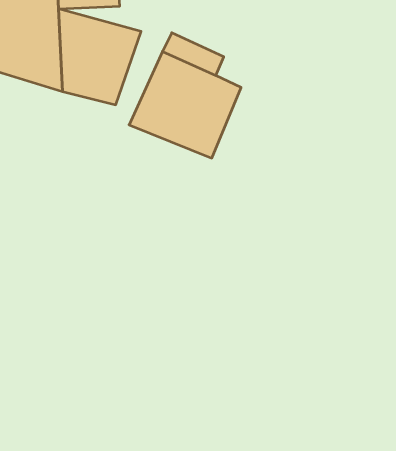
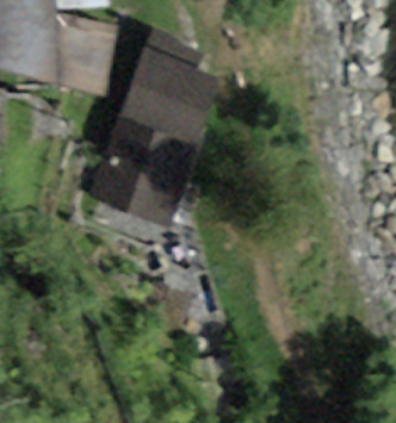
building: none -> [89,116,191,226]

